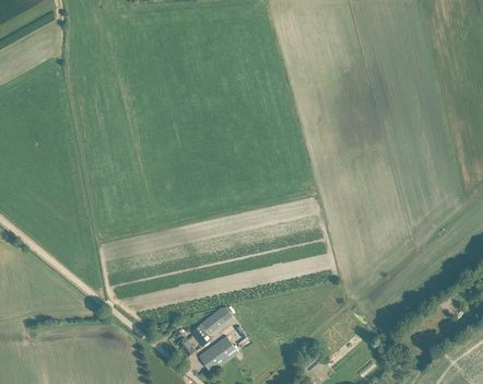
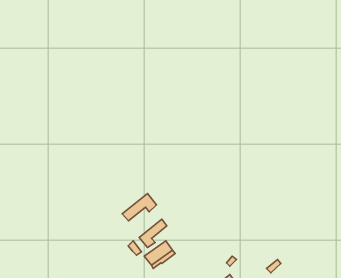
building: none -> [122,194,156,221]

